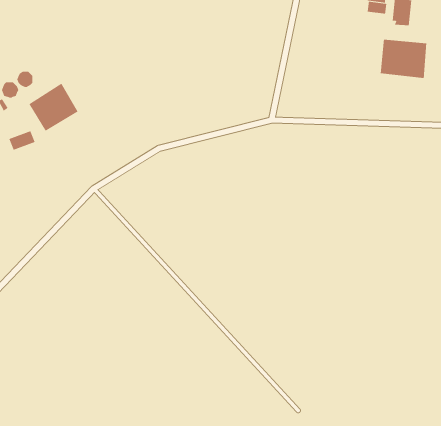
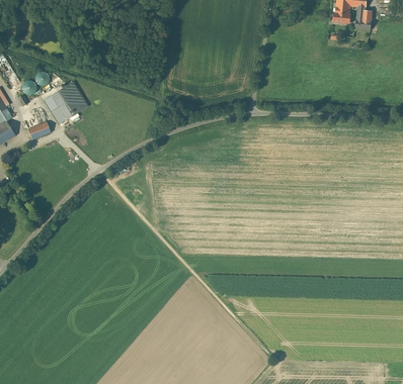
building: [380,39,427,79] -> none

